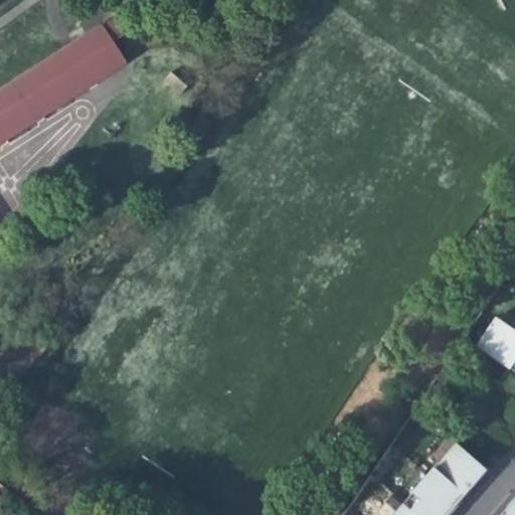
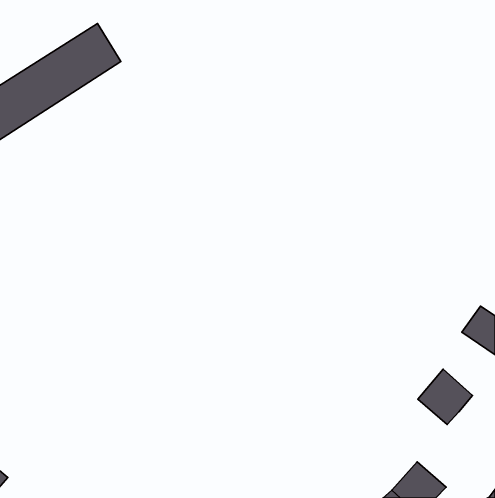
building: [431,446,487,503] -> [418,369,472,425]

